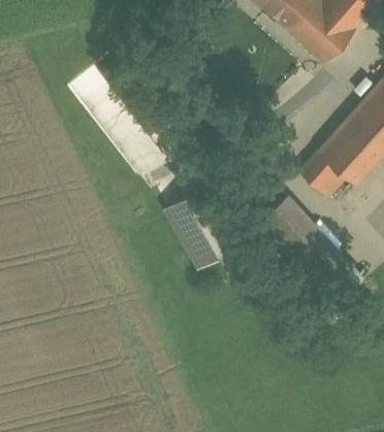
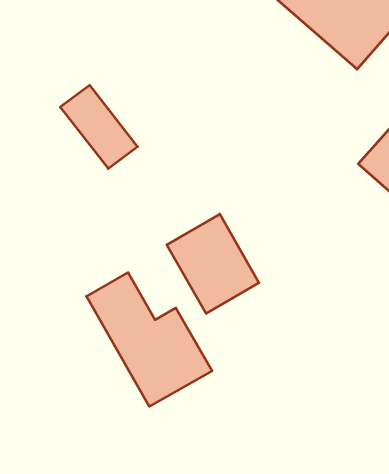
building: [298,152,347,199] -> none
building: none -> [86,273,212,406]

